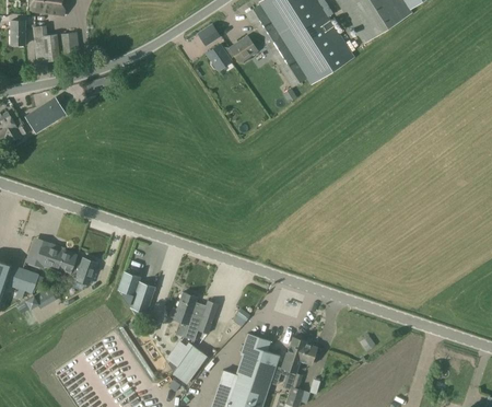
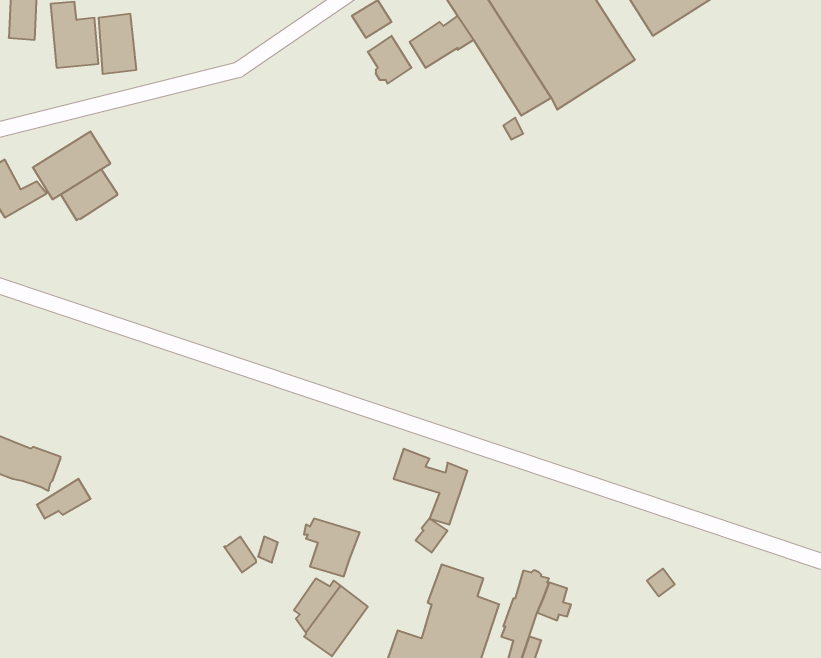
building: none -> [61,169,117,220]
building: [35,243,96,286] -> none
building: [117,271,155,316] -> none
building: [177,292,218,334] -> [394,449,467,525]

